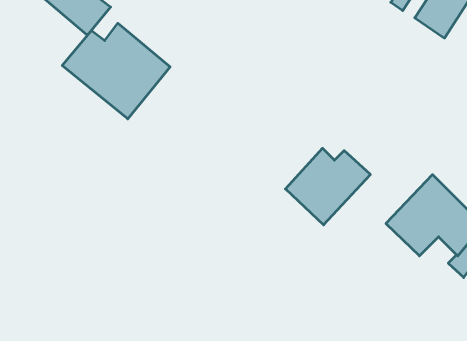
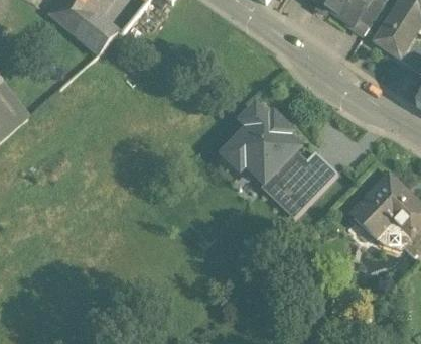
building: [62,23,170,119] -> none
building: none -> [226,108,299,184]

